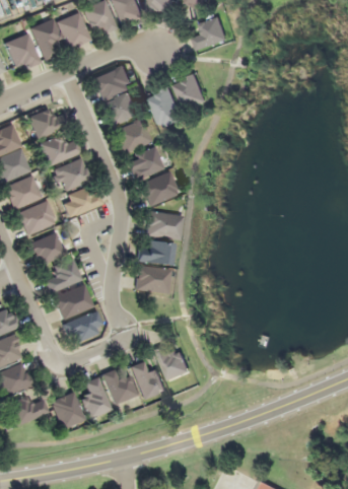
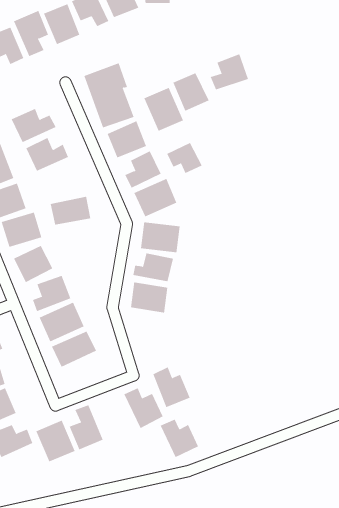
building: [193,16,228,50] -> [210,53,249,90]
building: none -> [167,142,203,174]
building: [53,157,90,193] -> none
building: [101,369,137,405] -> [160,419,199,458]

